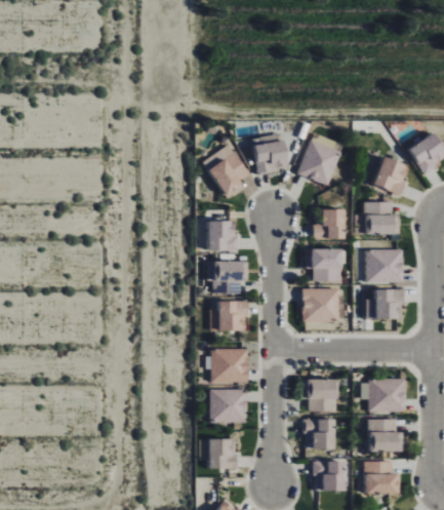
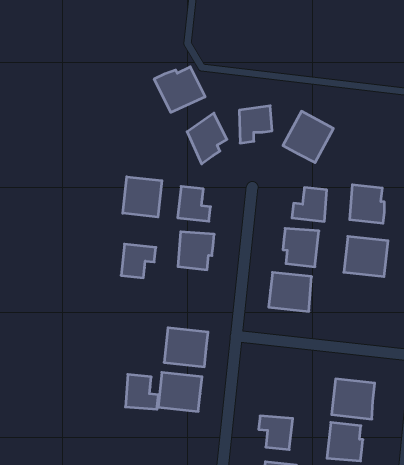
building: none -> [154,67,205,112]
building: [373,157,403,196] -> none
building: none -> [123,177,162,217]
building: [373,290,403,319] -> none
building: [217,302,246,330] -> [121,244,156,278]
building: [304,380,334,413] -> none
building: [207,439,237,469] -> [125,374,158,409]

